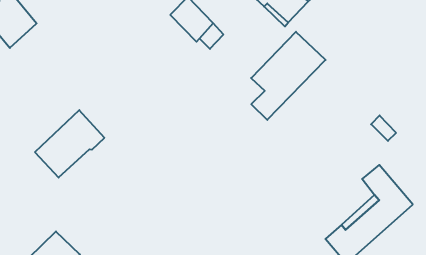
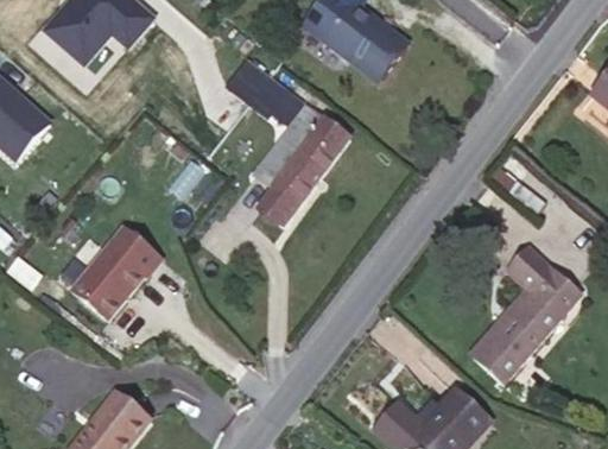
building: [251,32,326,120] -> [253,105,348,226]

